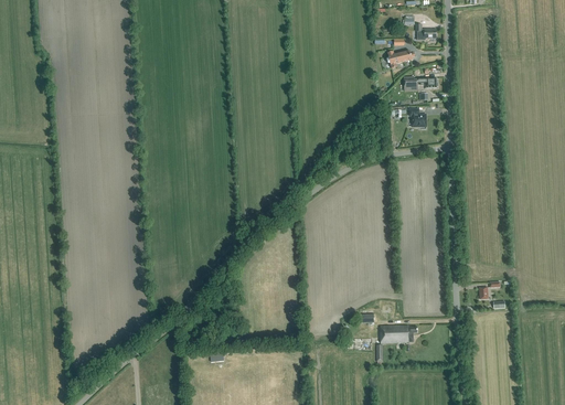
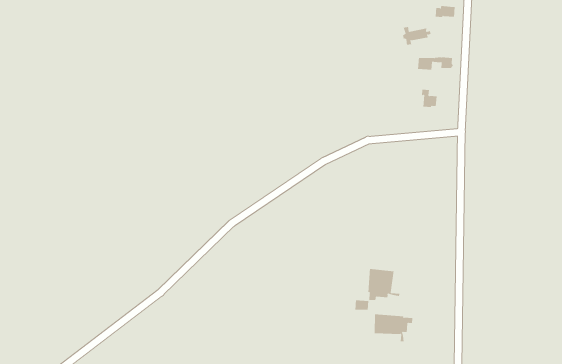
building: none -> [368,268,400,301]

